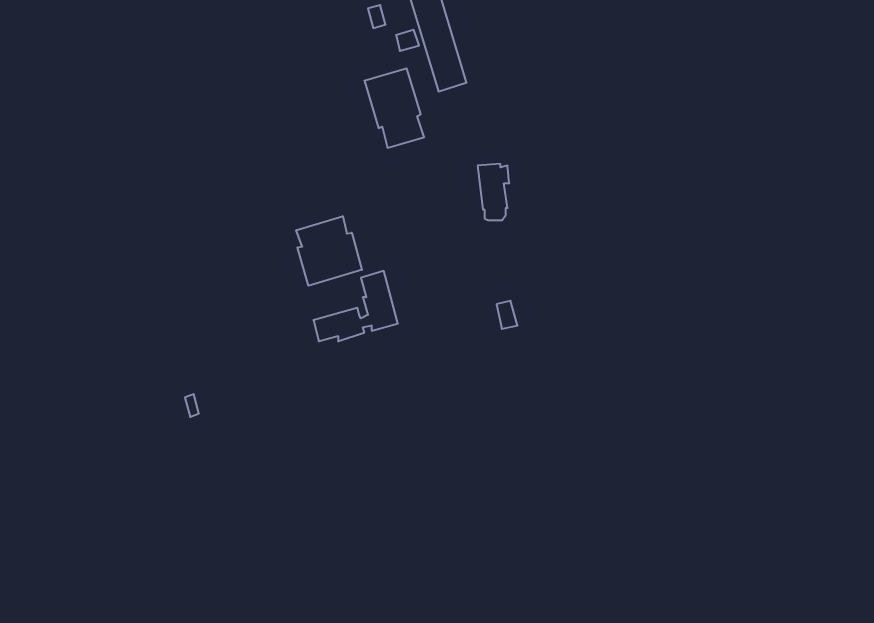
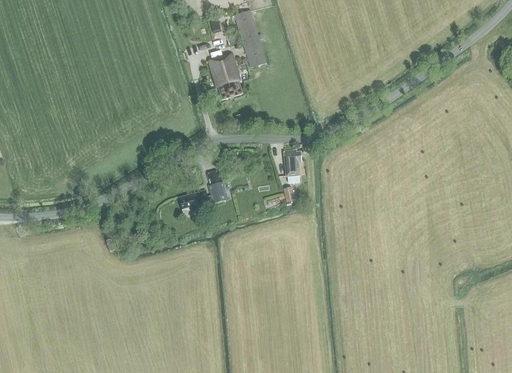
building: [478,164,509,220] -> [283,149,301,181]
building: [296,216,362,286] -> none

